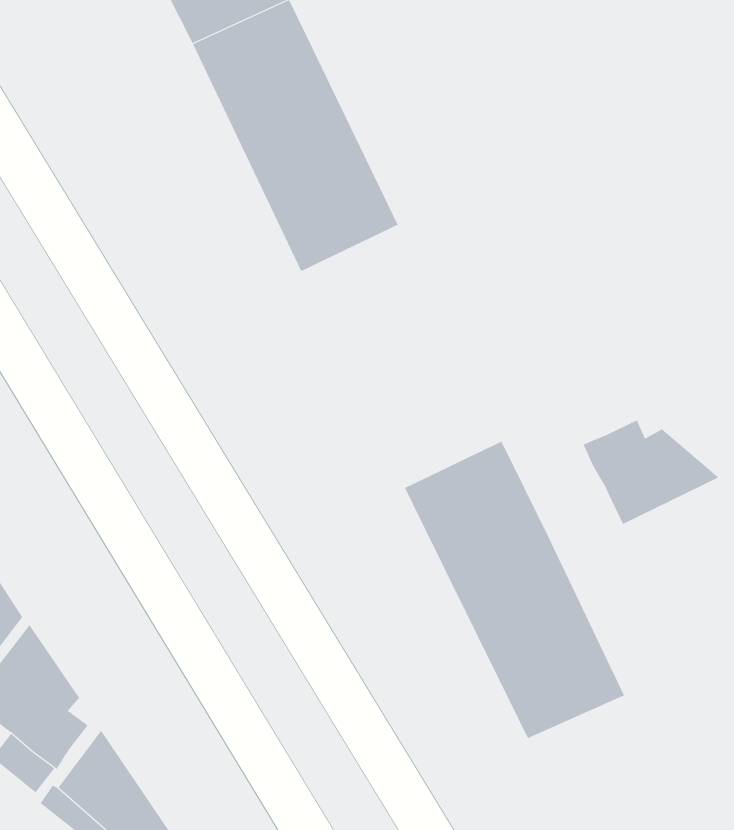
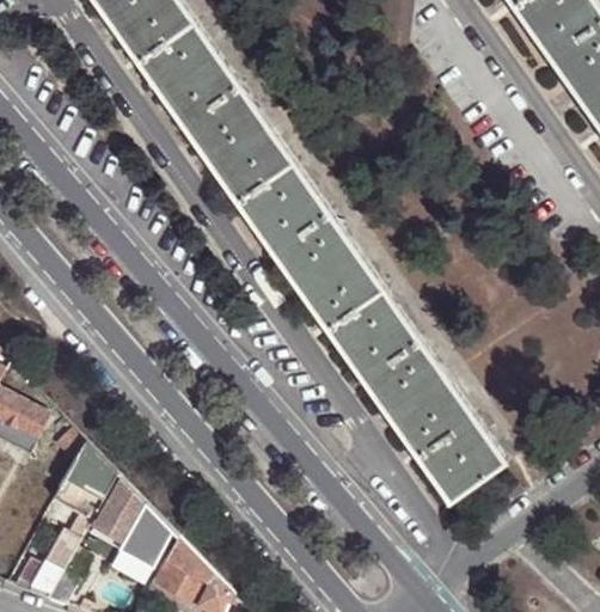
building: none -> [250,180,397,348]
building: [582,419,720,525] -> none

